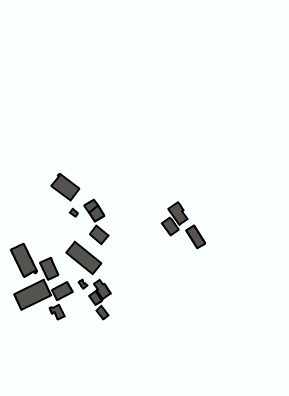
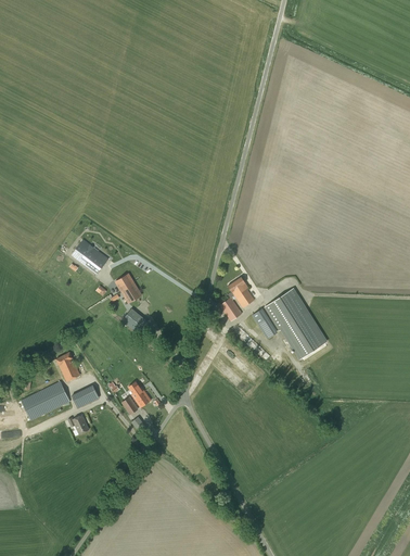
building: none -> [265,288,328,361]
building: [66,242,101,274] -> none
building: [11,244,37,277] -> none

